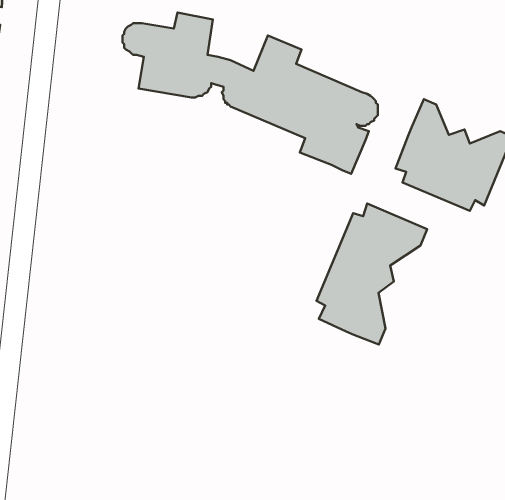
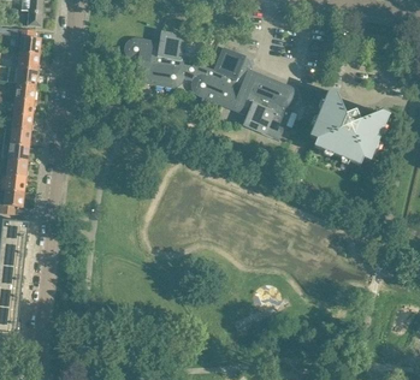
building: [317,203,427,345] -> none

